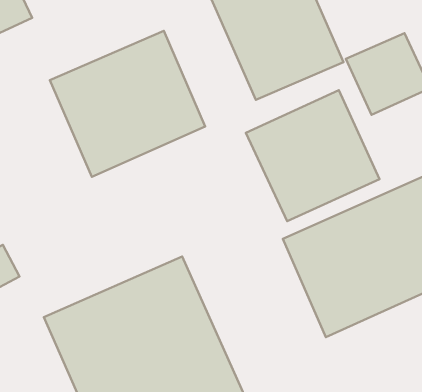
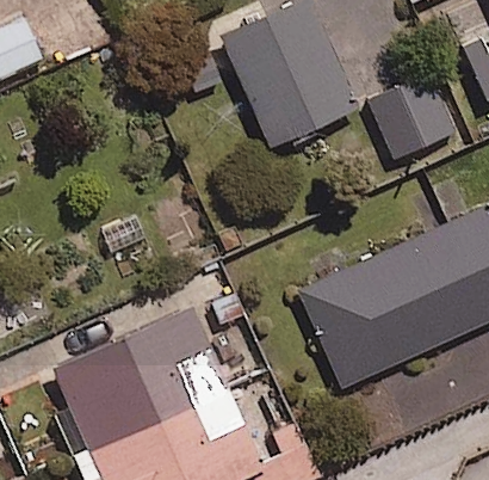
building: [50,31,205,177] -> none
building: [246,90,380,221] -> none

